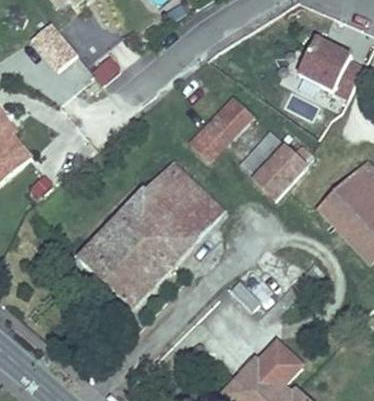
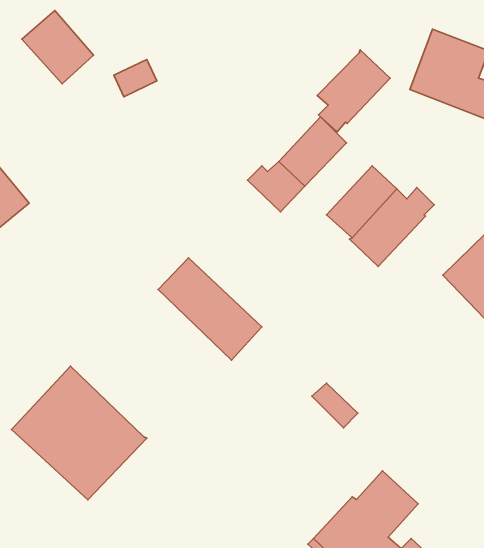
building: none -> [317,50,390,132]
building: [142,164,221,242] -> none
building: [80,216,174,309] -> [12,366,147,500]

